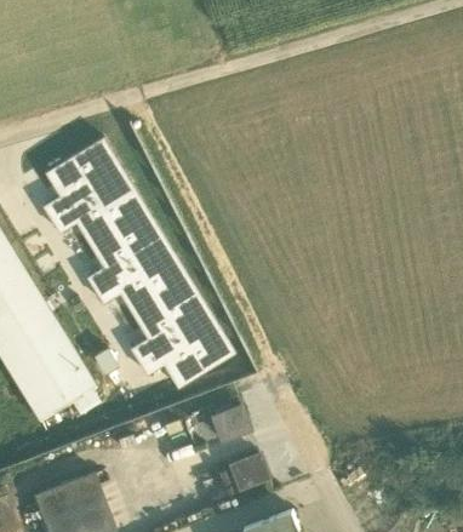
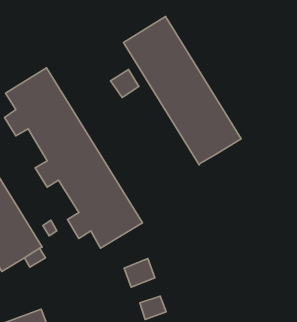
building: none -> [123,17,241,165]
building: none -> [110,70,139,98]

